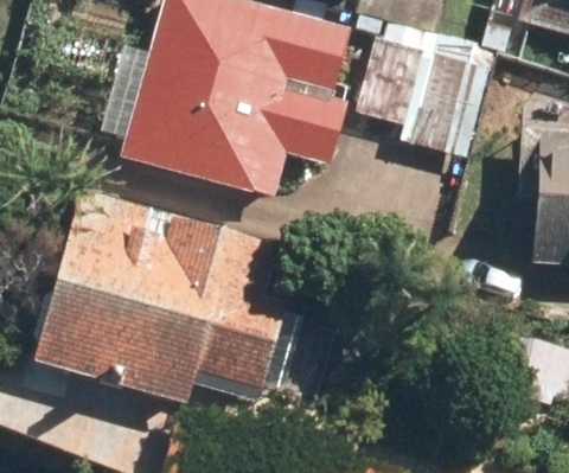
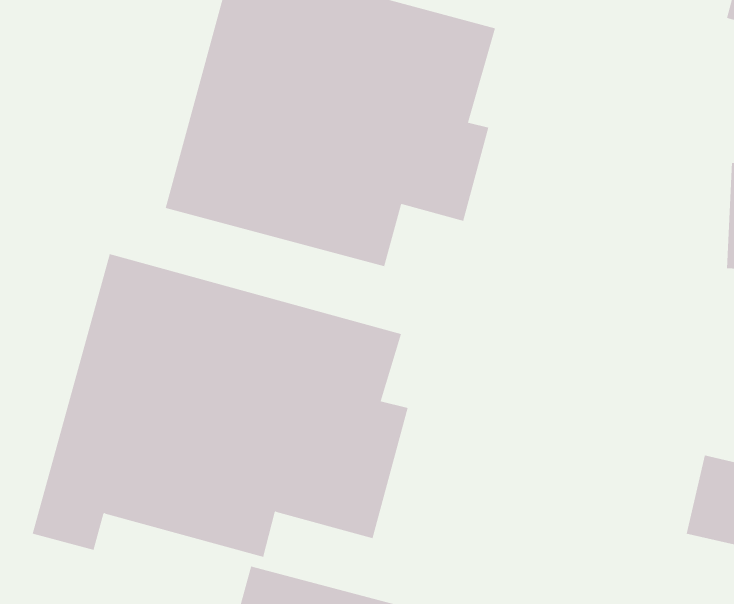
building: [354,36,492,159] -> none

